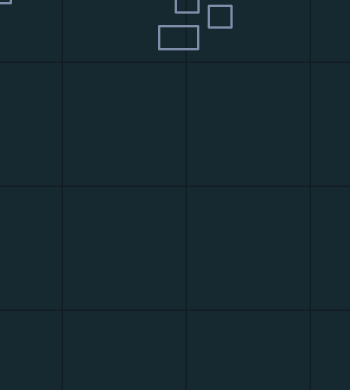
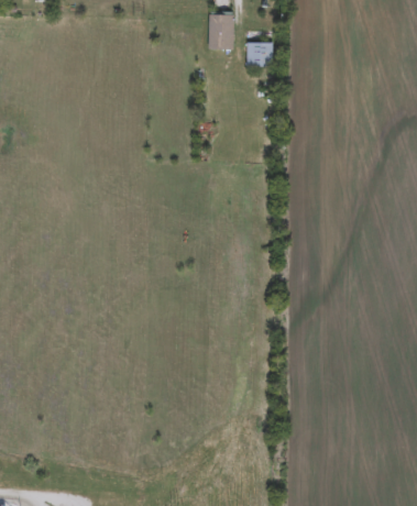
building: [159,26,198,49] -> none

